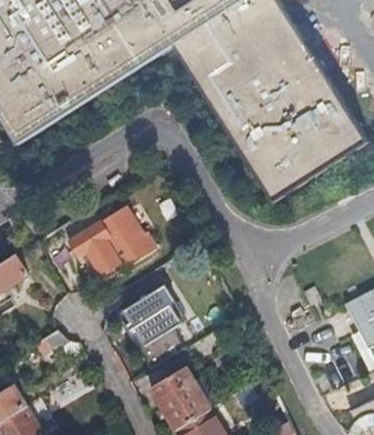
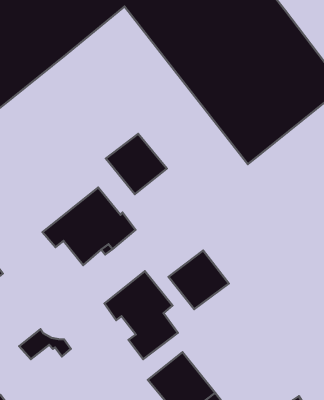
building: none -> [106,134,167,194]
building: none -> [169,251,229,309]

